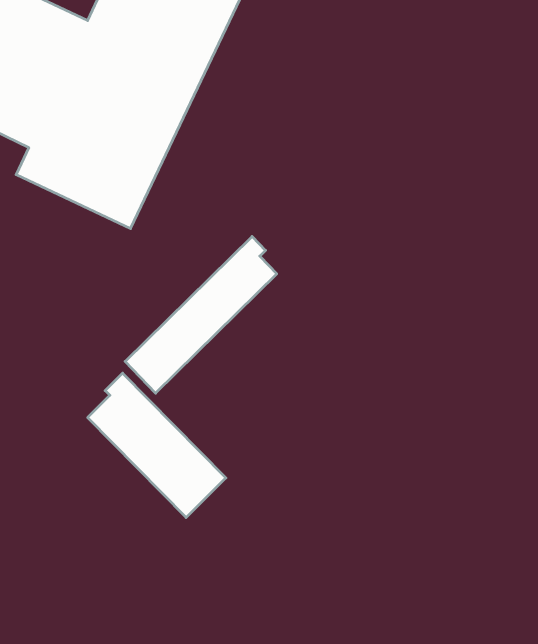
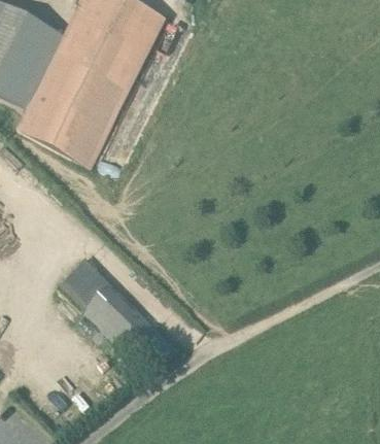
building: [125,236,277,393] -> none

